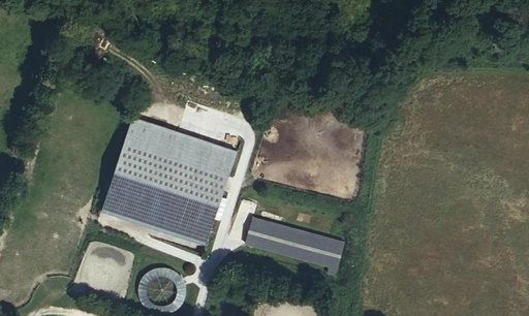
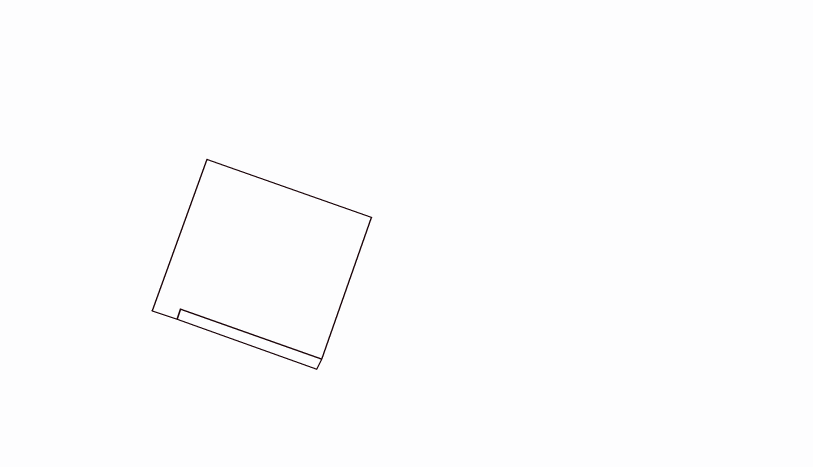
building: [242,216,342,279] -> none

